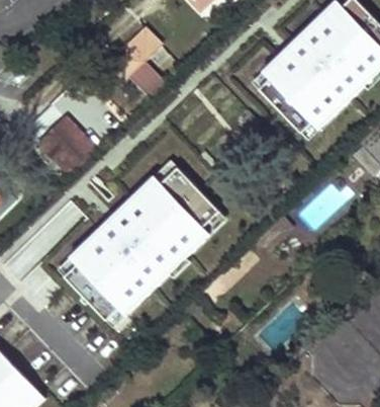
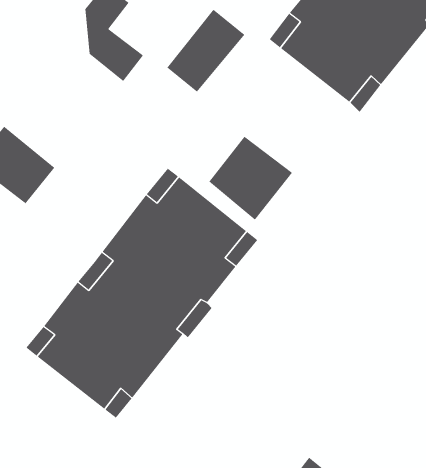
building: none -> [166,9,245,93]
building: none -> [209,136,293,221]

